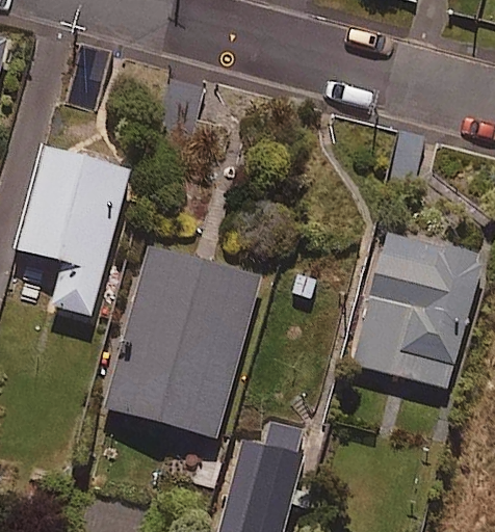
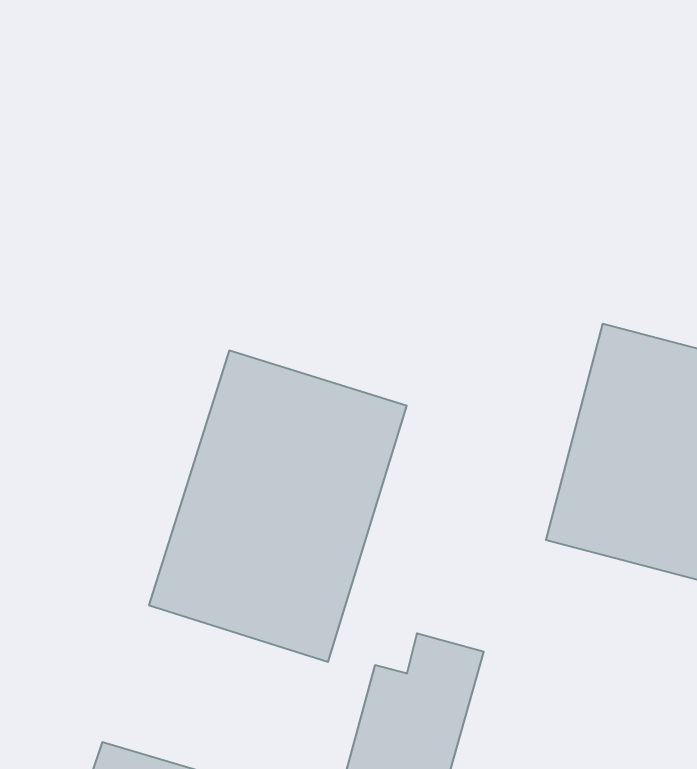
building: [19,145,133,317] -> none

